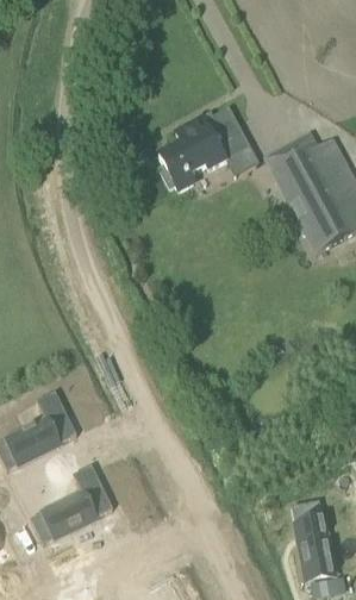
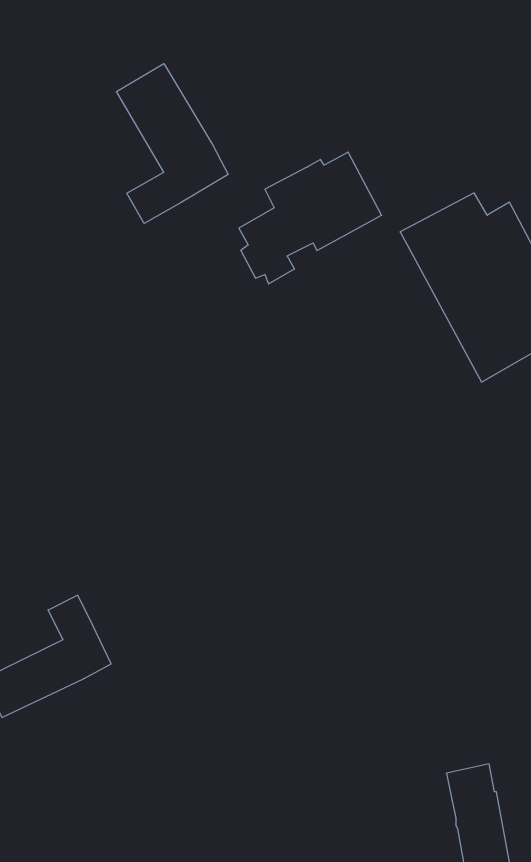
building: none -> [116,64,228,223]
building: [30,465,113,544] -> none

